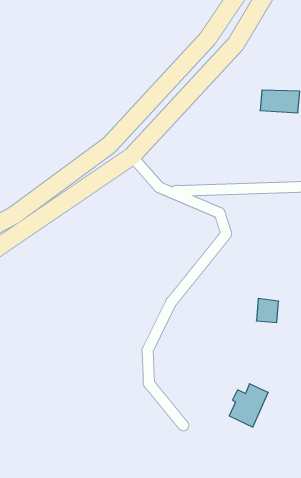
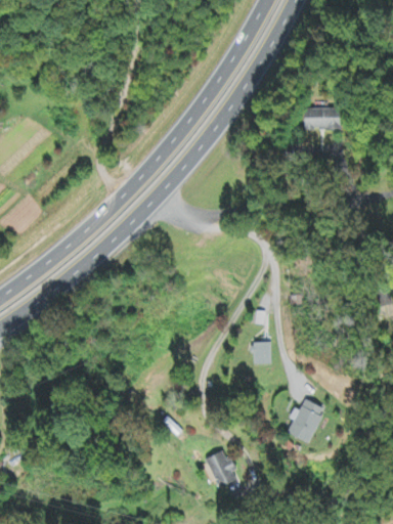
building: [256,298,279,323] -> [252,342,272,364]
building: none -> [206,451,236,488]

